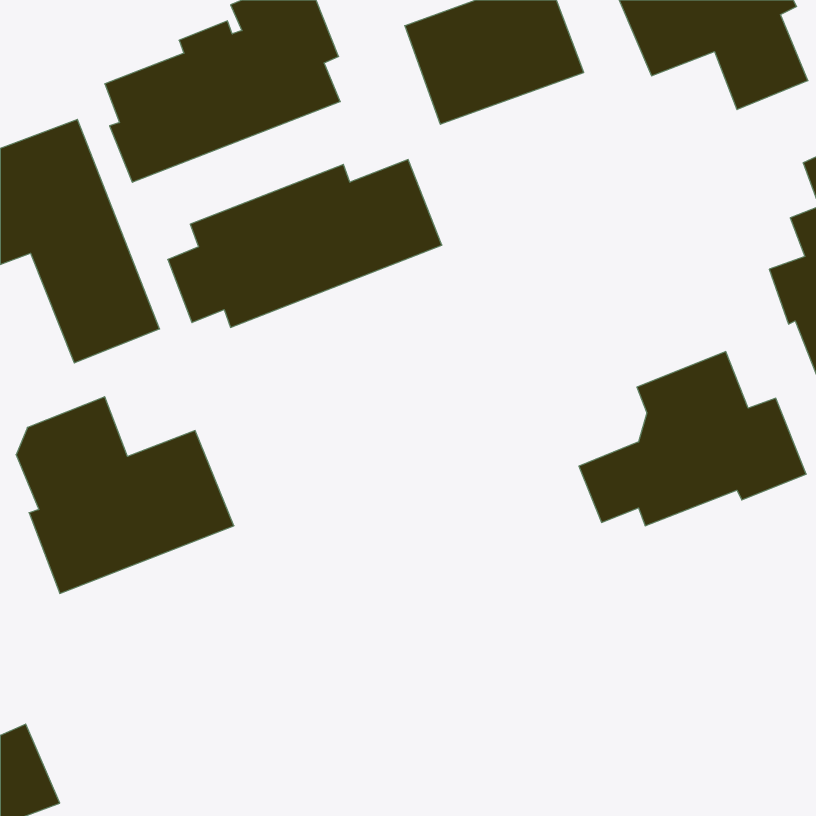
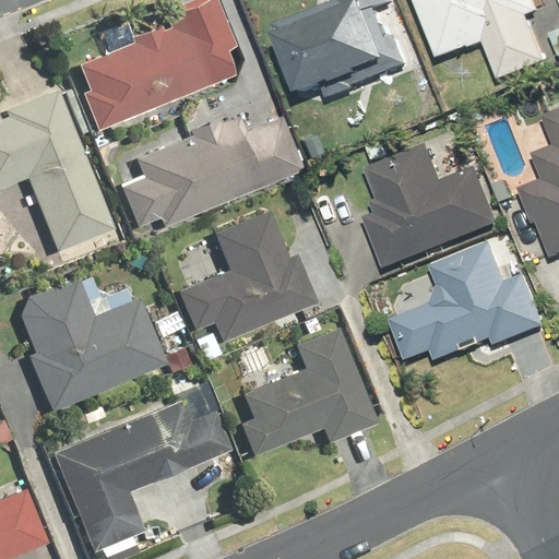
building: none -> [369,142,506,269]
building: none -> [174,207,314,337]
building: none -> [238,328,374,452]
building: none -> [50,399,229,550]

